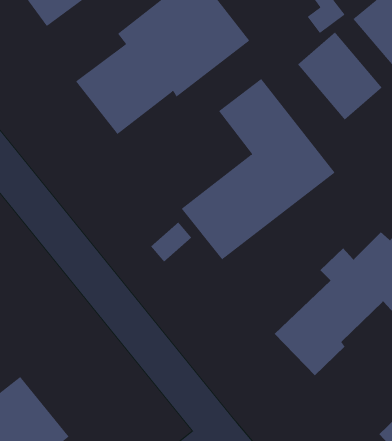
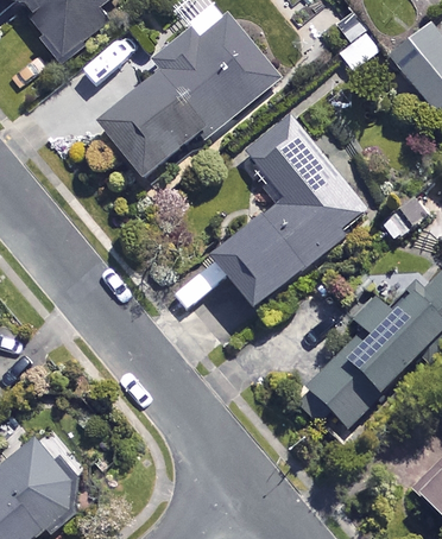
building: [297,32,382,121] -> none

